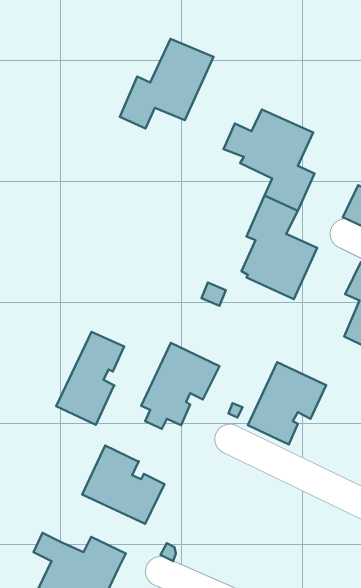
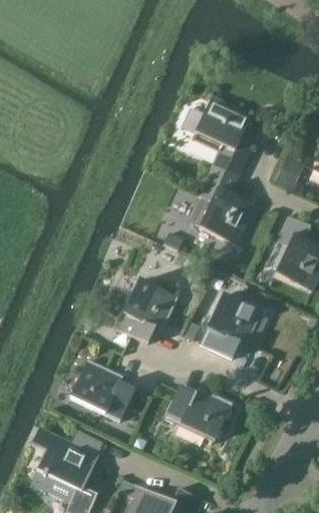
building: [120,39,213,128] -> none
building: [56,332,124,425] -> none
building: none -> [166,387,233,441]

